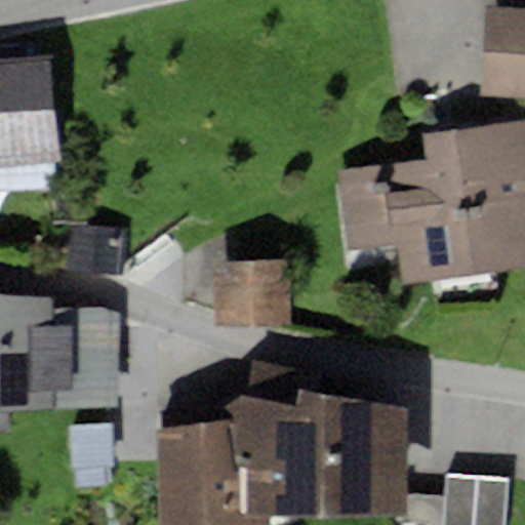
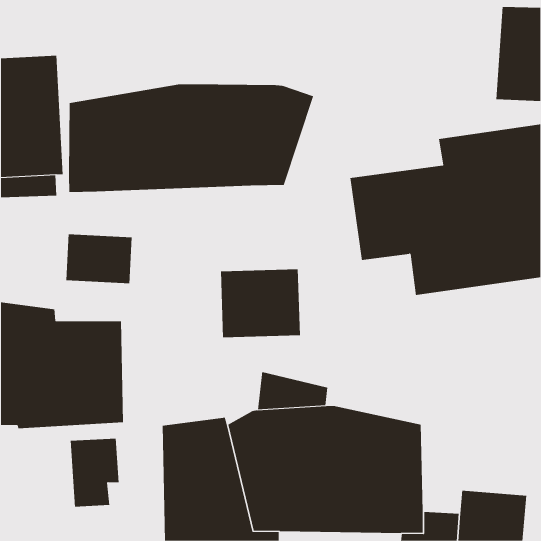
building: none -> [68,83,314,193]

